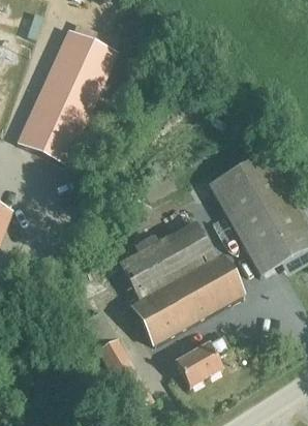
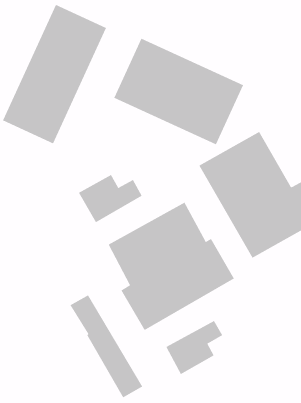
building: none -> [114,38,244,145]
building: none -> [78,174,143,223]

